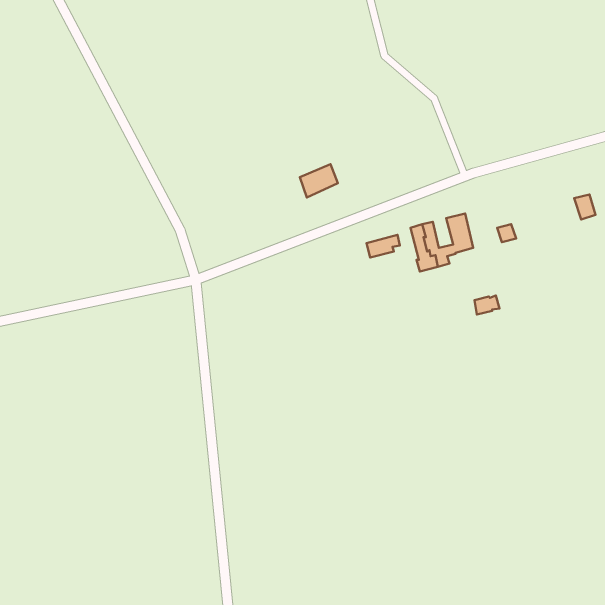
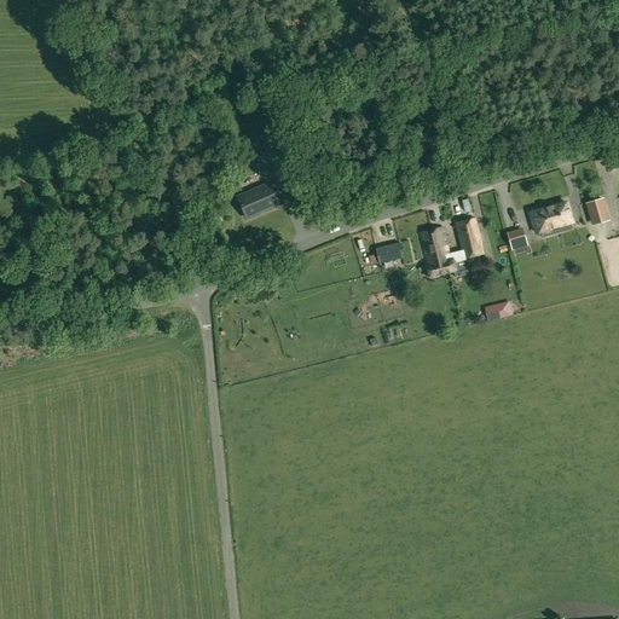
building: [300,164,338,197] -> [243,184,282,218]
building: none -> [530,201,572,236]

